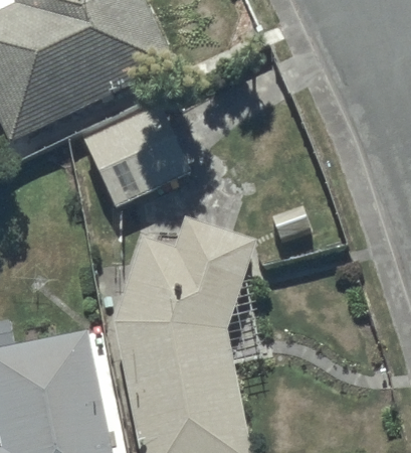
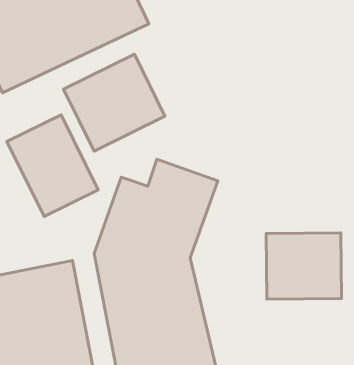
building: none -> [7,115,98,217]
building: none -> [266,233,342,299]

